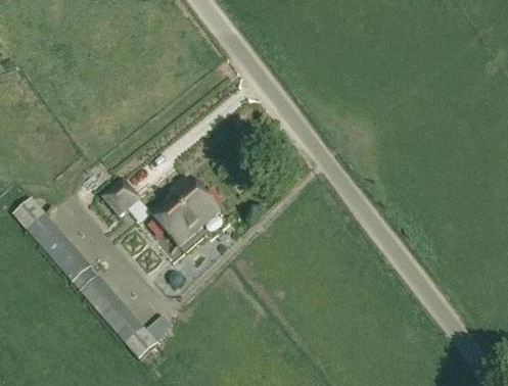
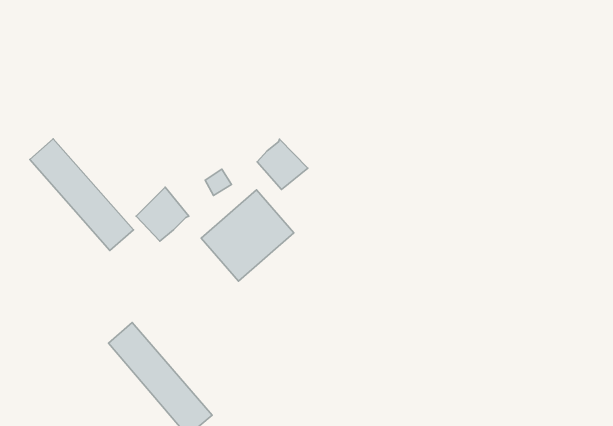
building: none -> [257,139,308,190]
building: [14,199,91,282] -> [30,139,133,251]

